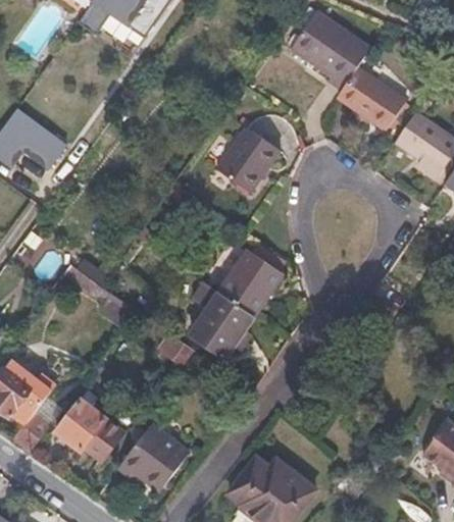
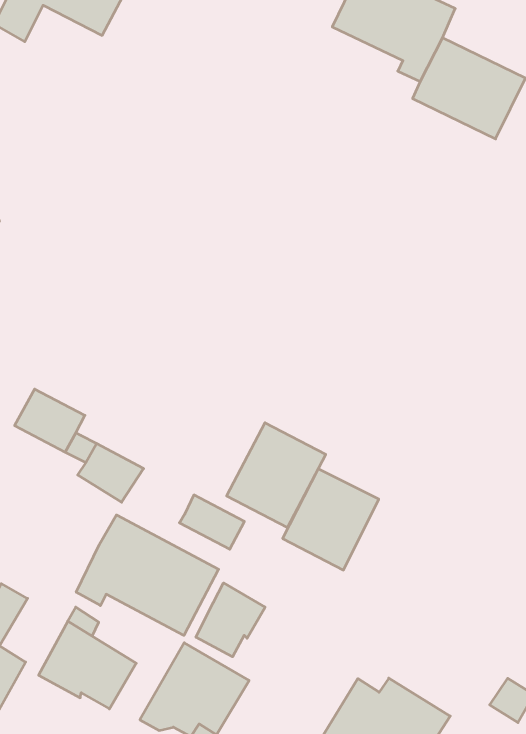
building: [218,125,280,190] -> none
building: [218,250,282,315] -> [283,469,379,570]
building: none -> [76,515,219,635]
building: none -> [196,583,265,657]

